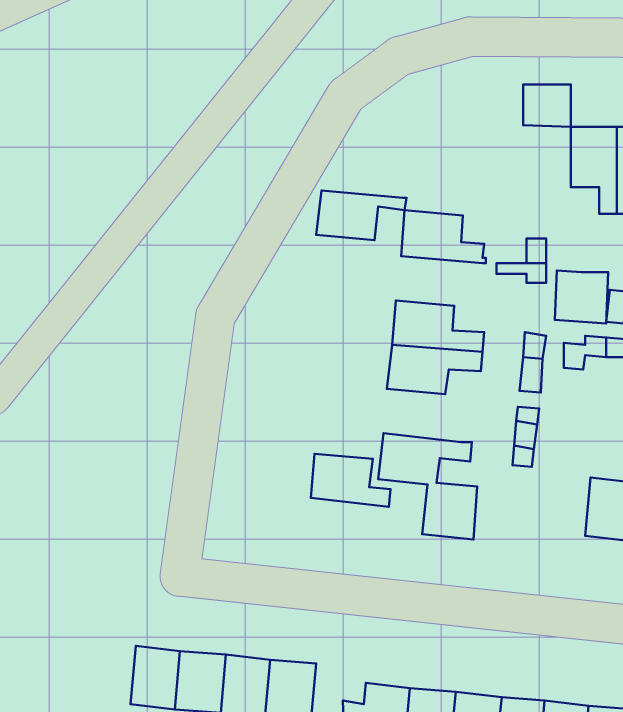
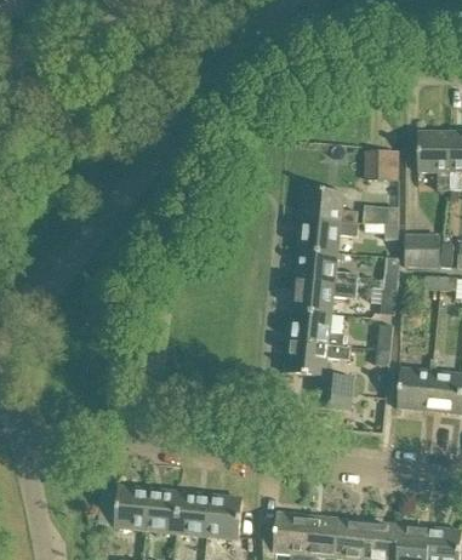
building: [523,84,571,127] -> [366,149,399,178]
building: [316,191,406,240] -> [297,219,359,253]
building: [311,454,391,507] -> [289,310,343,347]
building: none -> [397,368,430,411]

